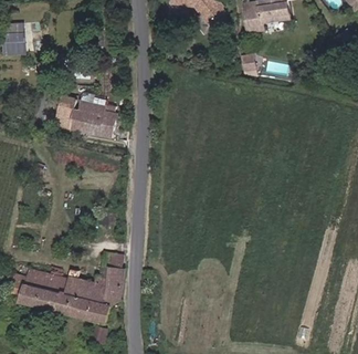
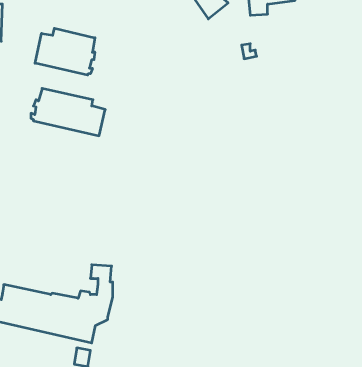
building: none -> [35,28,95,75]

